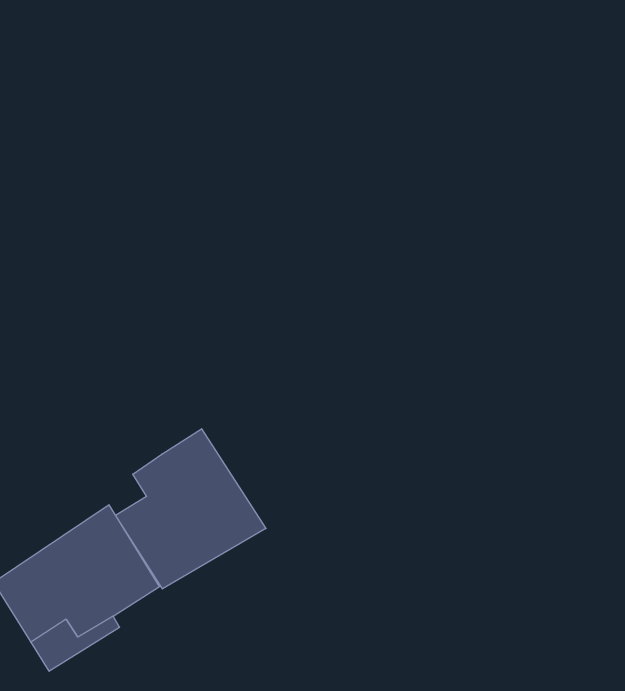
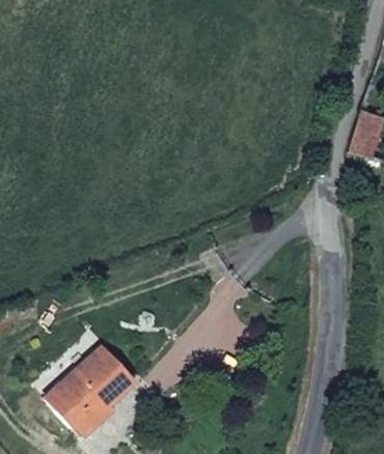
building: [116,429,266,589] -> none

